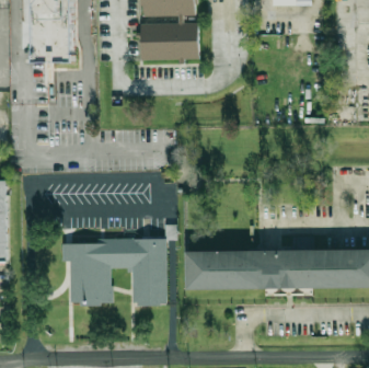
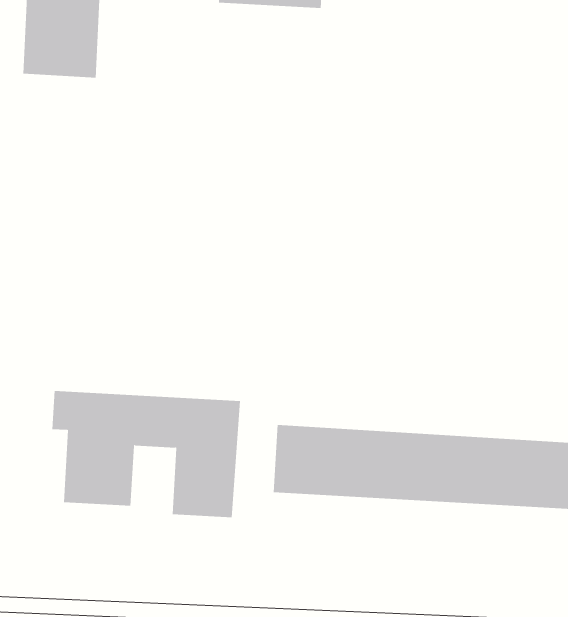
building: [141,24,199,60] -> none

